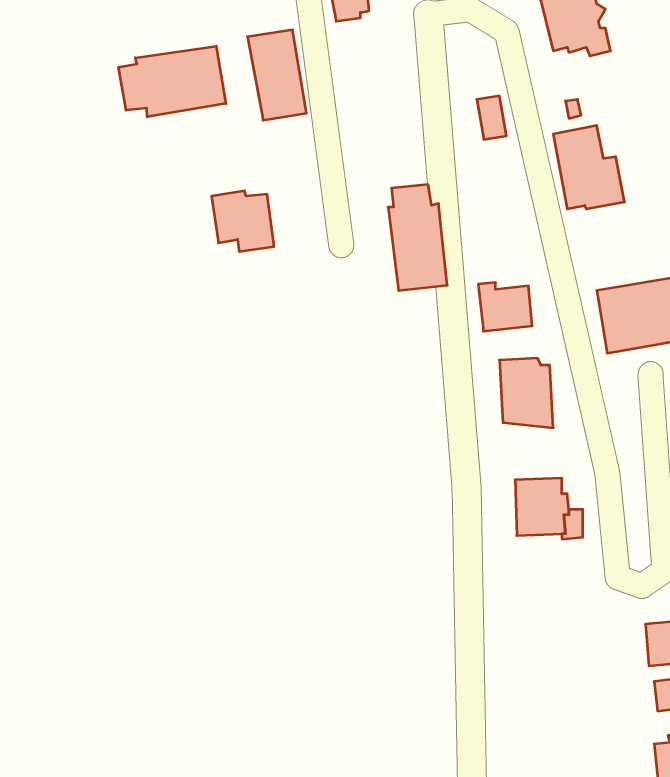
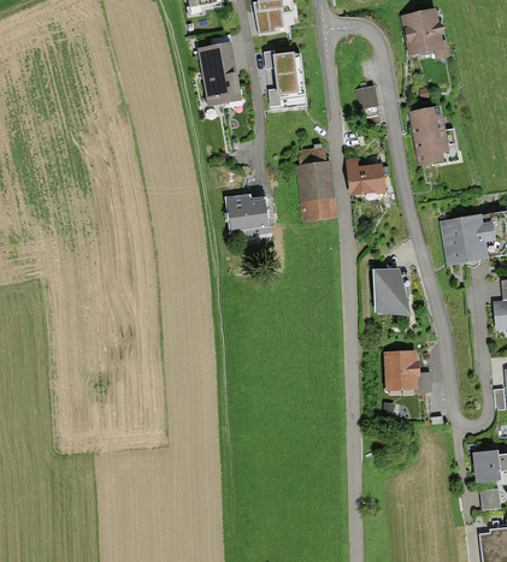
building: none -> [263,49,306,108]
building: [119,46,226,117] -> none
building: [212,191,274,252] -> [226,194,270,236]
building: [478,283,532,331] -> [346,160,383,194]

